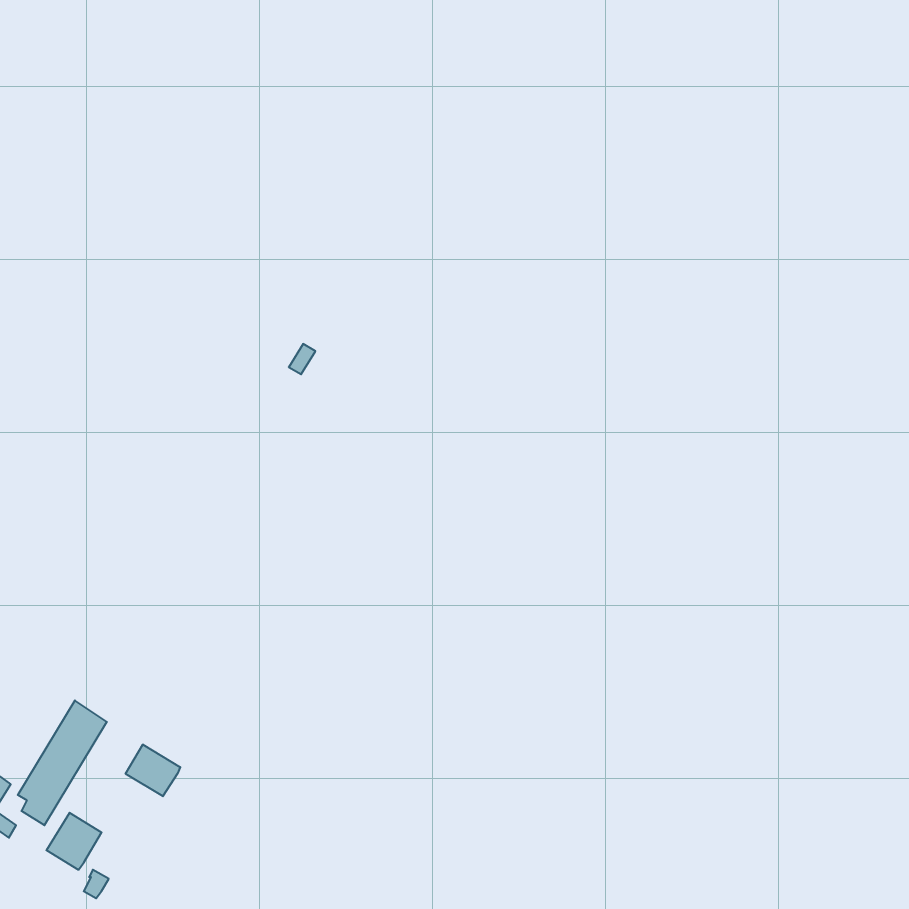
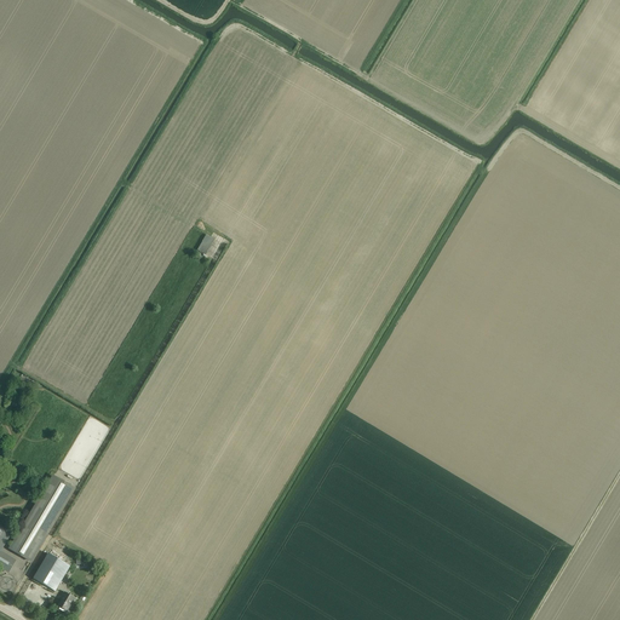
building: [126,744,180,796] -> none

